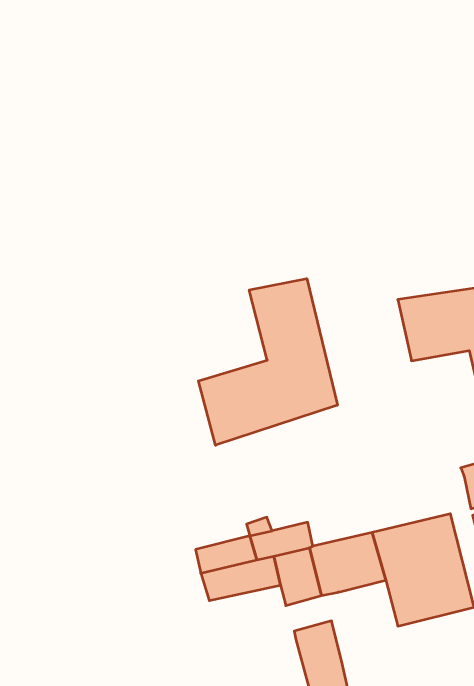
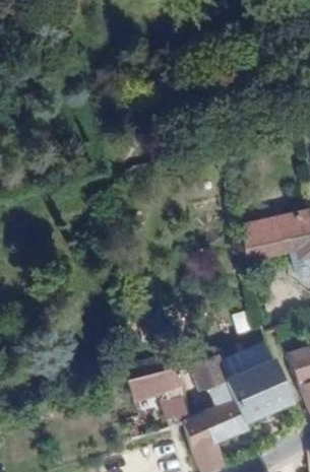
building: [198,279,337,445] -> none
building: none -> [211,390,254,439]

